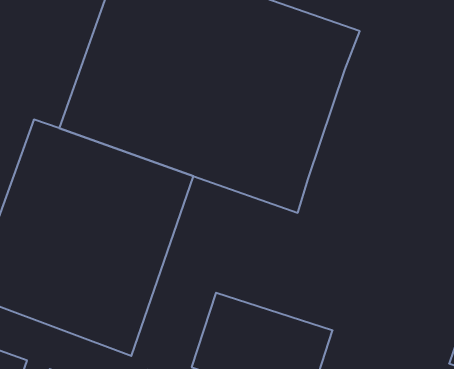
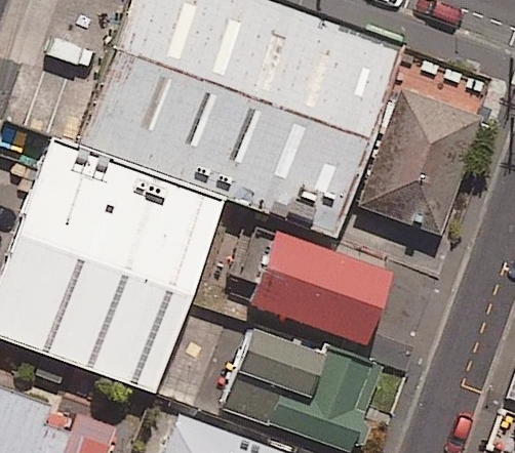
building: none -> [351,86,482,236]
building: none -> [229,221,386,342]

